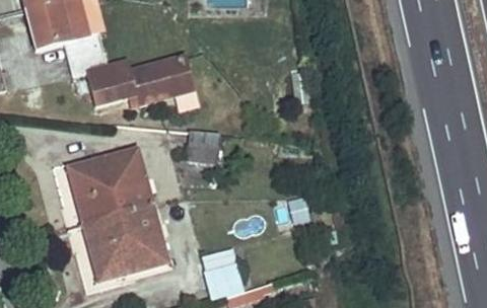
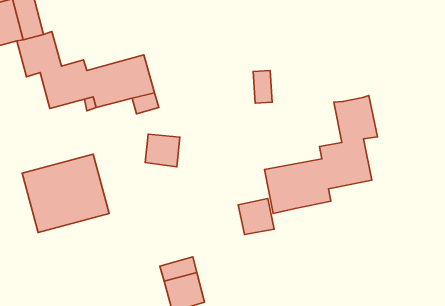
building: none -> [265,95,377,214]
building: [84,206,167,281] -> none

